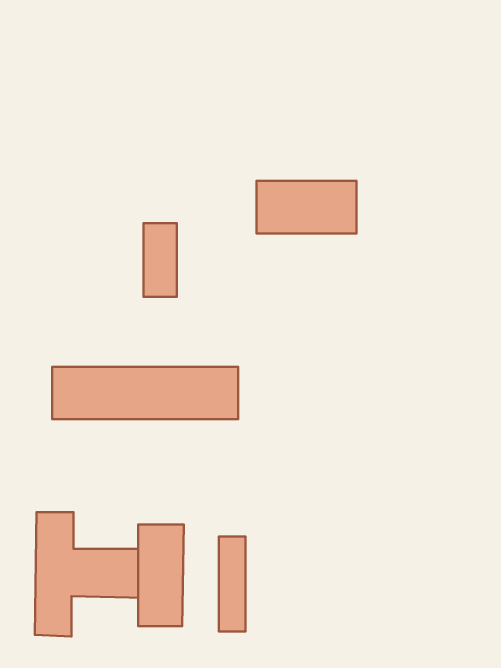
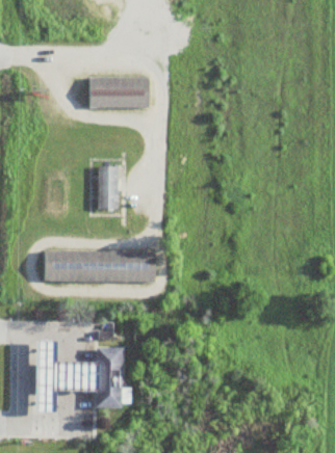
building: [257,181,357,234] -> [89,77,149,108]
building: [219,537,245,632] -> none

